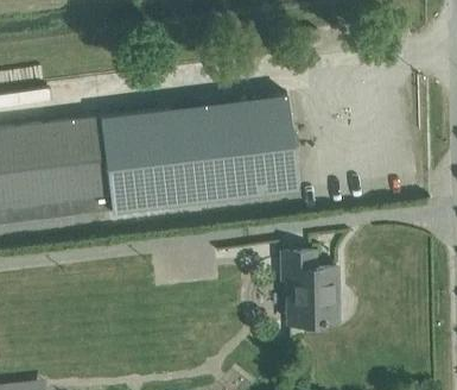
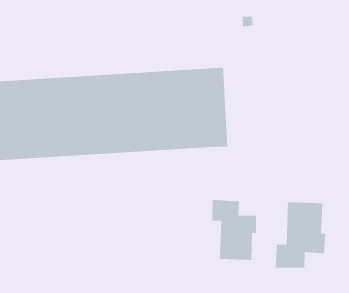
building: none -> [275,202,326,268]

